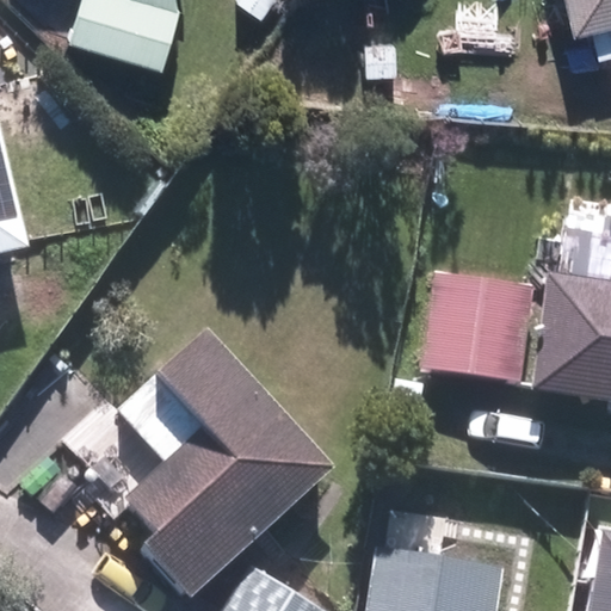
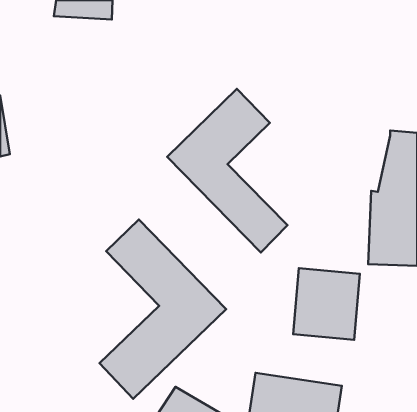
building: none -> [167,89,287,253]
building: [430,274,527,379] -> [293,268,360,340]

